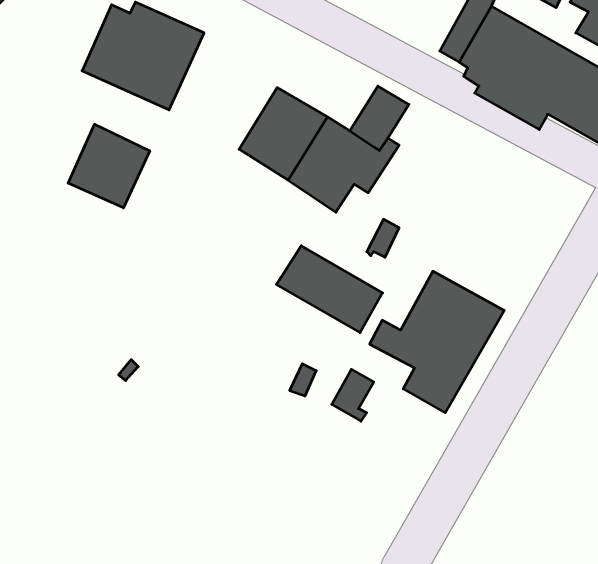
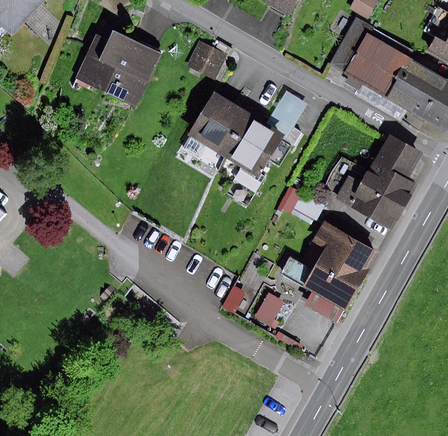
building: none -> [191,43,230,82]
building: [68,124,150,208] -> none
building: none -> [326,133,425,230]
building: [276,246,383,333] -> none

